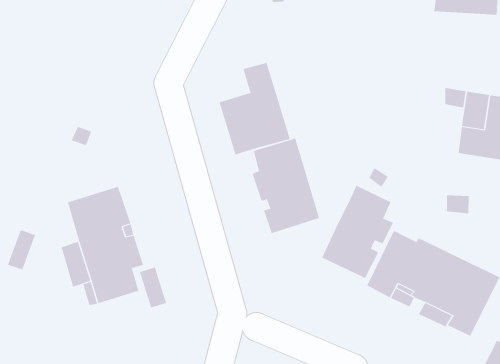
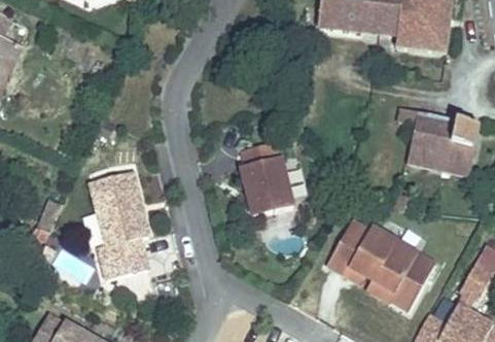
building: [219,62,290,155] -> none
building: [322,185,393,279] -> none

